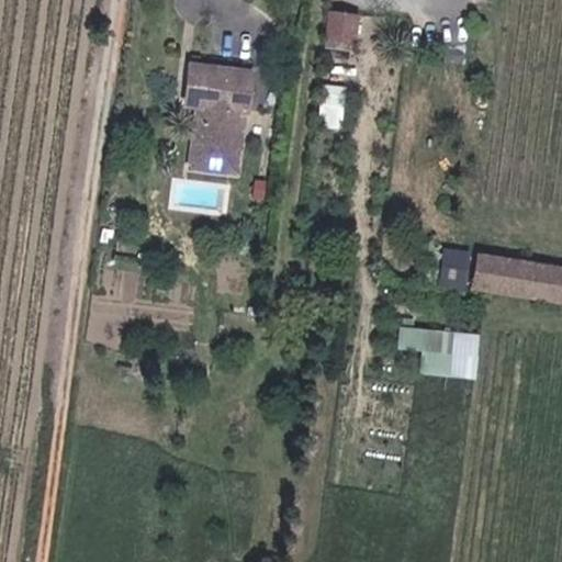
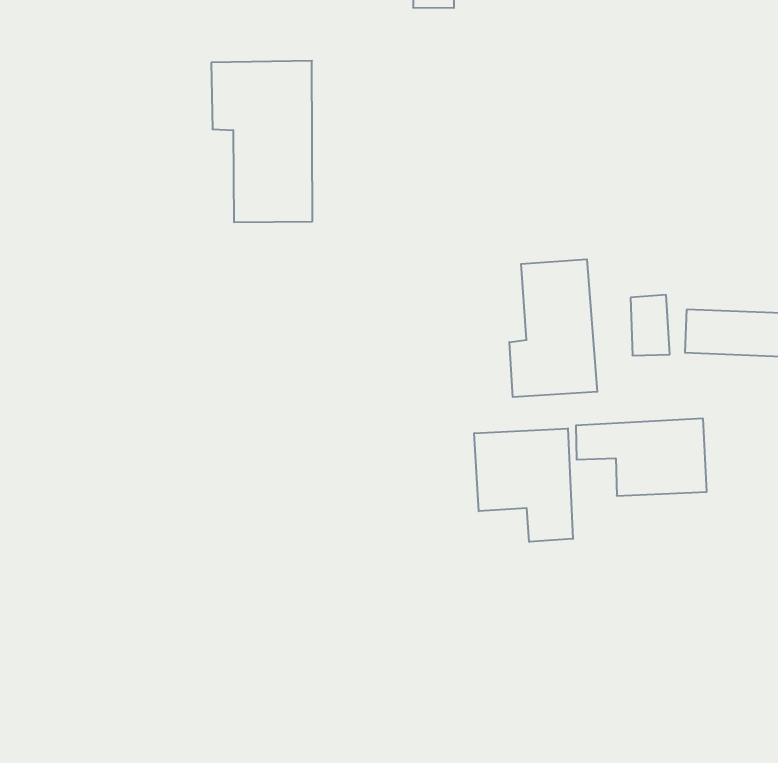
building: none -> [509,259,597,397]
building: none -> [474,428,573,542]

